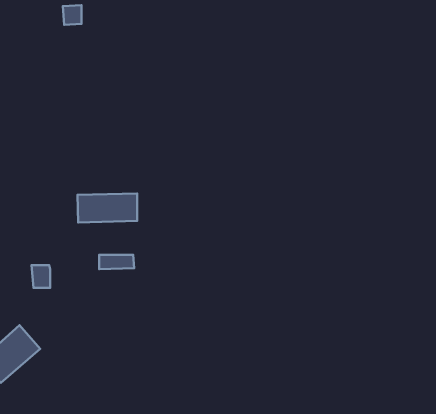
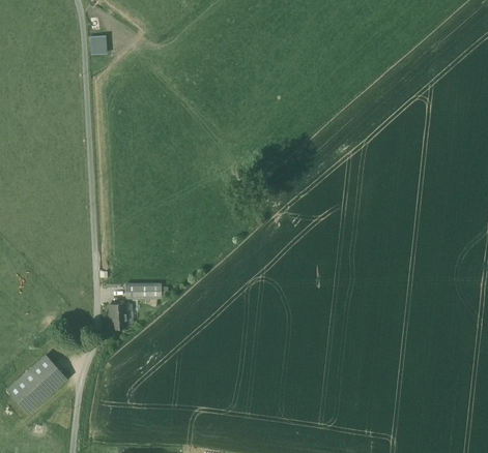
building: [77,194,137,222] -> none
building: [31,265,50,288] -> [109,305,127,328]

